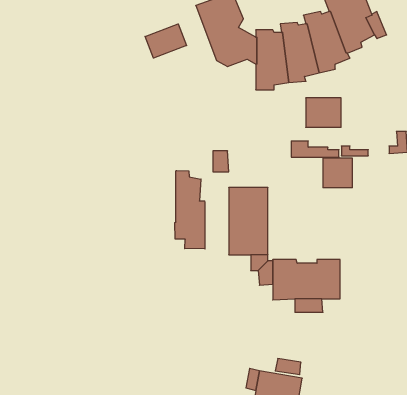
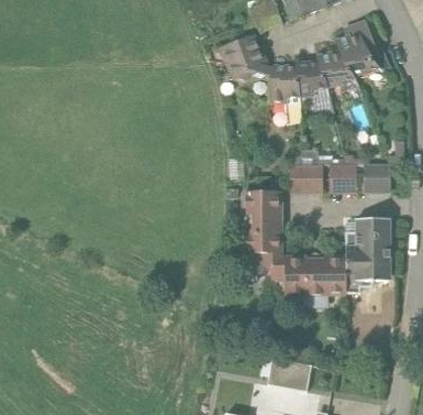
building: [145,24,187,58] -> none
building: [306,98,341,127] -> [292,173,324,199]
building: none -> [365,173,391,199]
building: [175,171,205,249] -> none
building: none -> [347,226,392,299]

